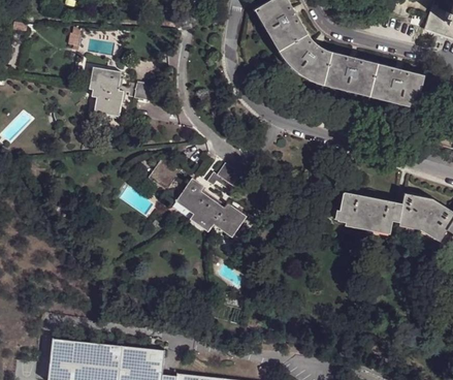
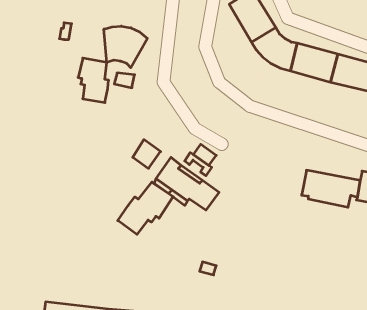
building: none -> [104,26,147,68]
building: none -> [118,182,173,234]

